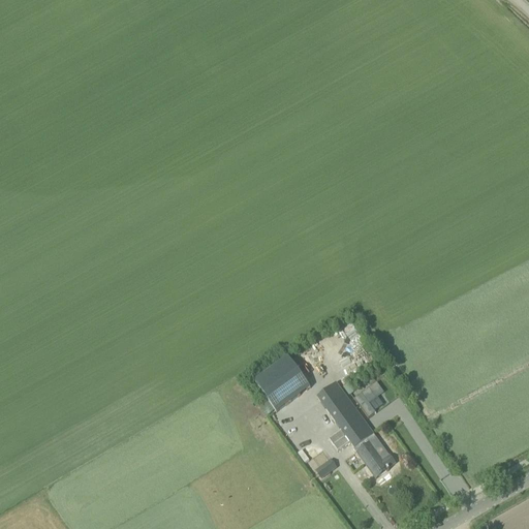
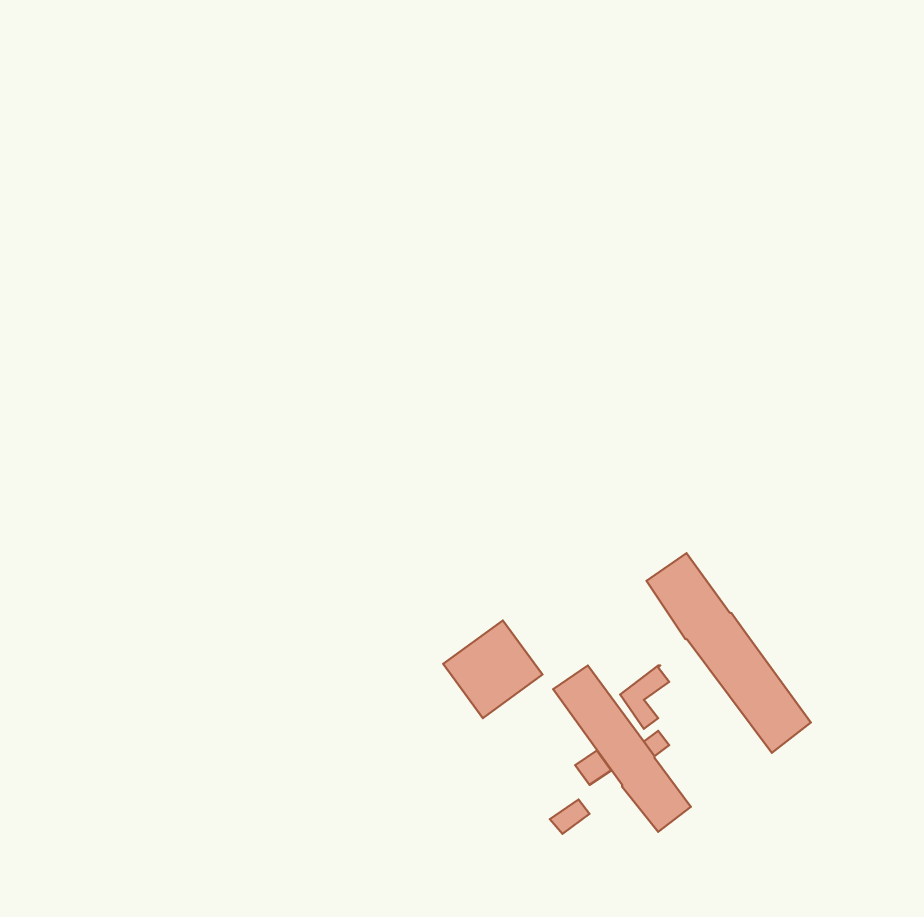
building: none -> [646,553,811,753]

